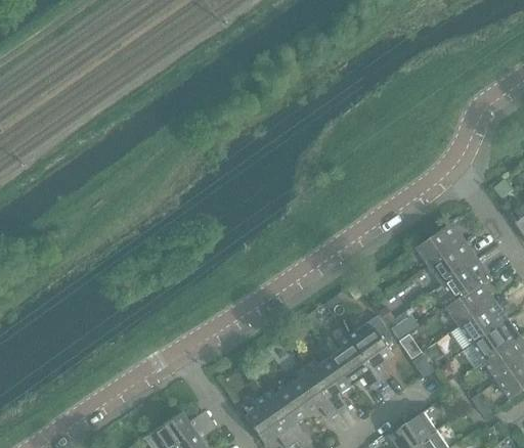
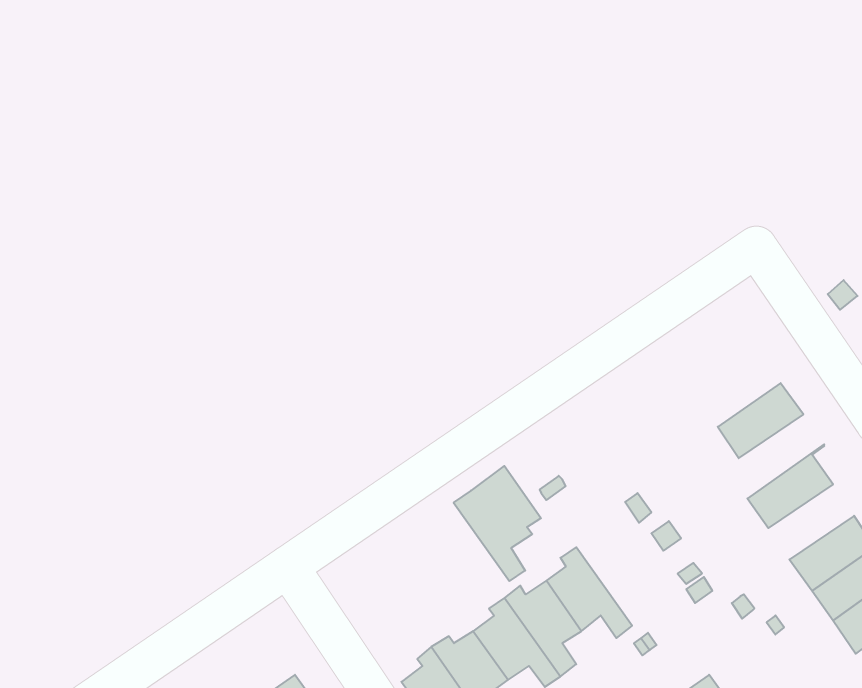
building: [417,223,467,268] -> none
building: [442,261,492,310] -> none
building: [460,302,510,346] -> none
building: [347,317,398,385] -> [454,466,541,581]

